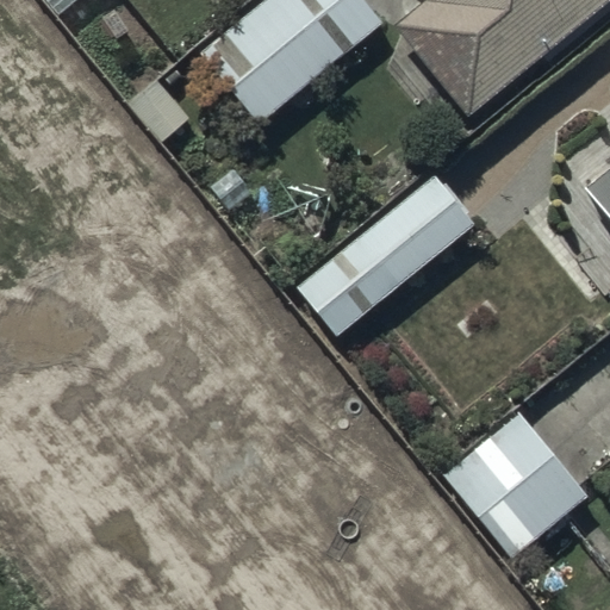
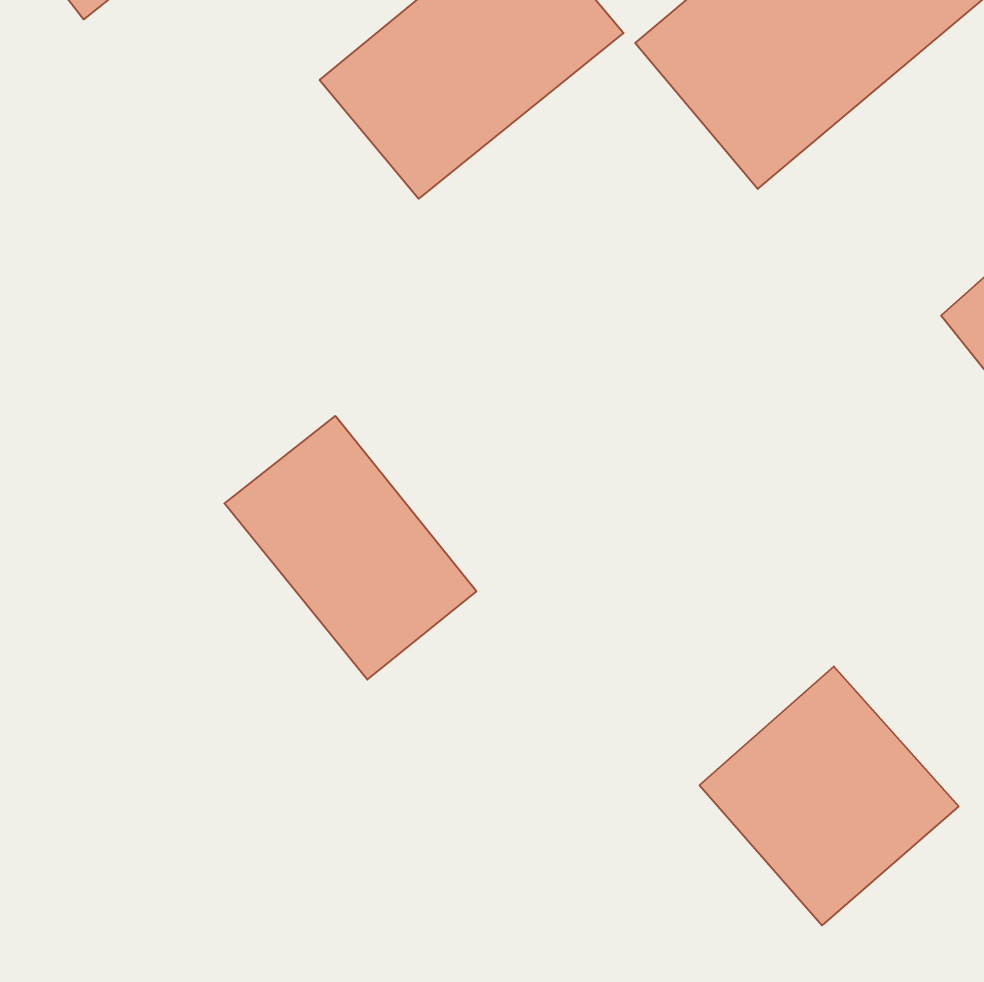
building: [299,173,475,334] -> none
building: none -> [224,416,476,680]

